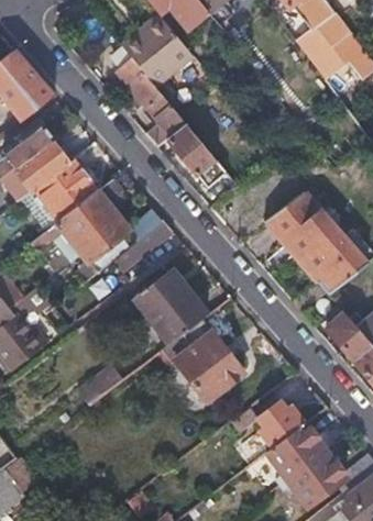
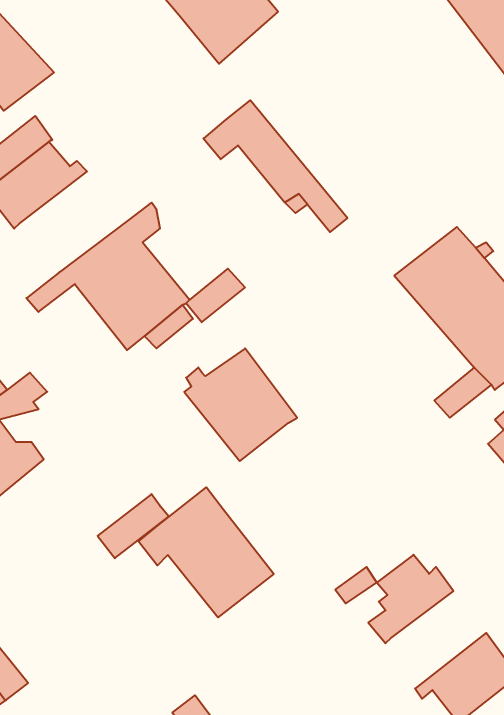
building: [114,58,176,124] -> none
building: [30,153,99,221] -> none
building: [157,317,243,399] -> [138,487,274,617]
building: [265,423,326,485] -> none

